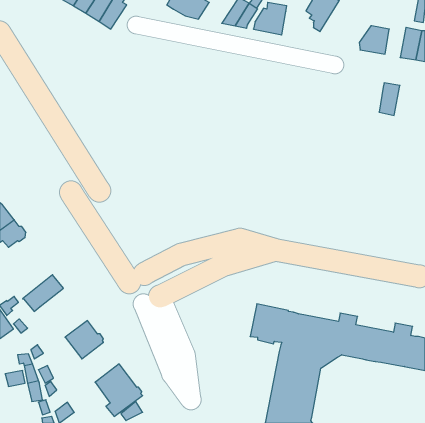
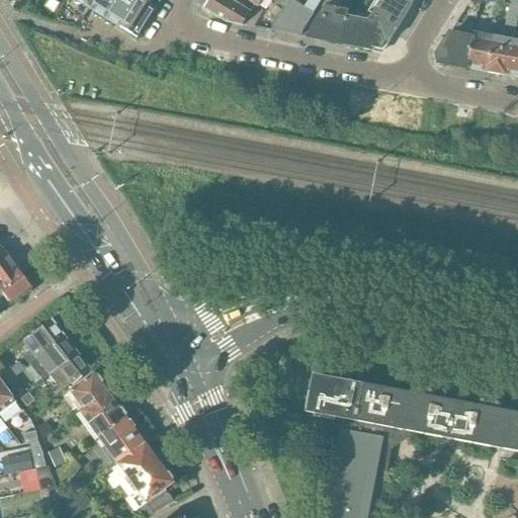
building: none -> [342,13,388,50]
building: [379,83,400,115] -> [467,30,493,70]
building: none -> [21,318,64,363]
building: none -> [49,350,90,394]
building: none -> [66,370,106,410]
building: none -> [99,416,145,462]

